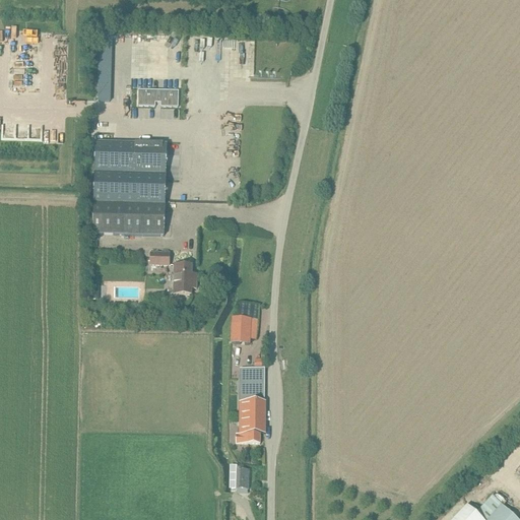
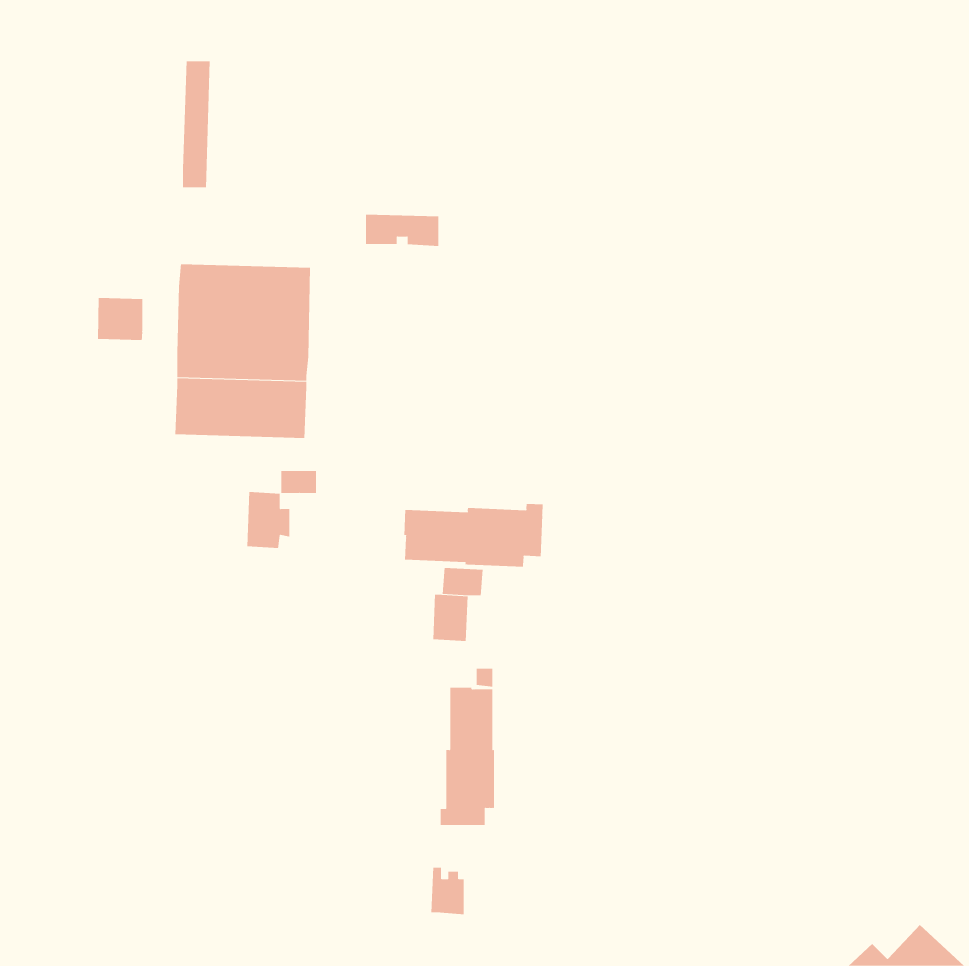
building: [138,89,178,107] -> [365,214,439,247]
building: none -> [97,297,143,341]
building: [174,264,197,295] -> [247,492,290,548]
building: none -> [404,503,543,567]

